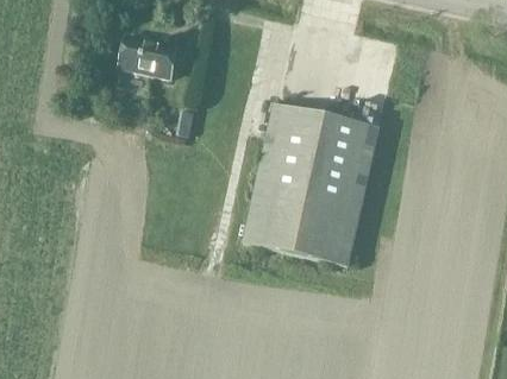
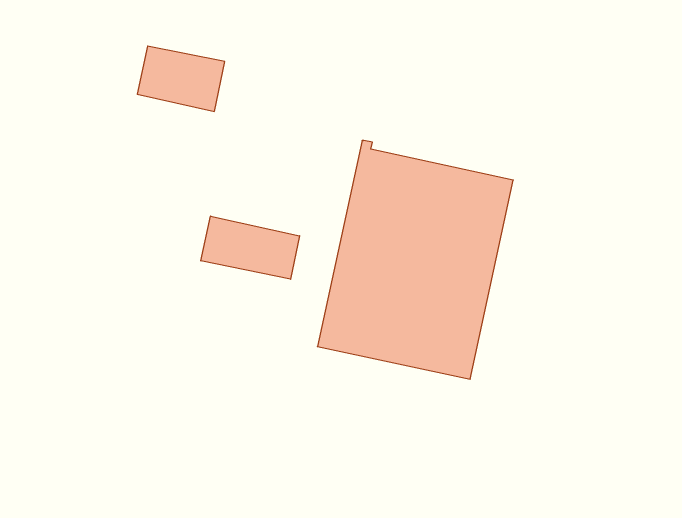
building: none -> [201,216,300,279]

